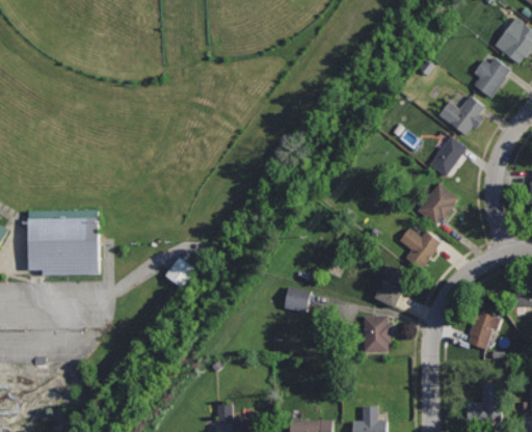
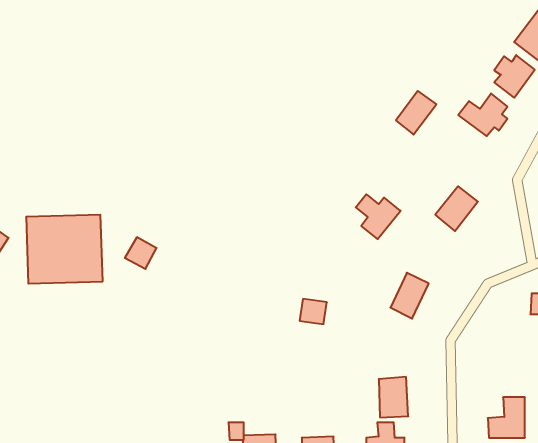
building: [429,136,468,178] -> [396,91,436,135]
building: [399,227,442,270] -> [356,194,401,239]
building: [170,259,201,289] -> [125,237,157,269]
building: [466,304,506,352] -> none
building: [362,314,390,352] -> [379,377,408,417]

